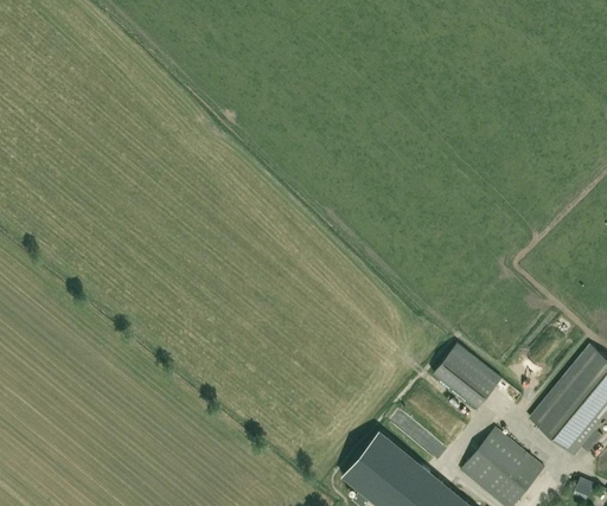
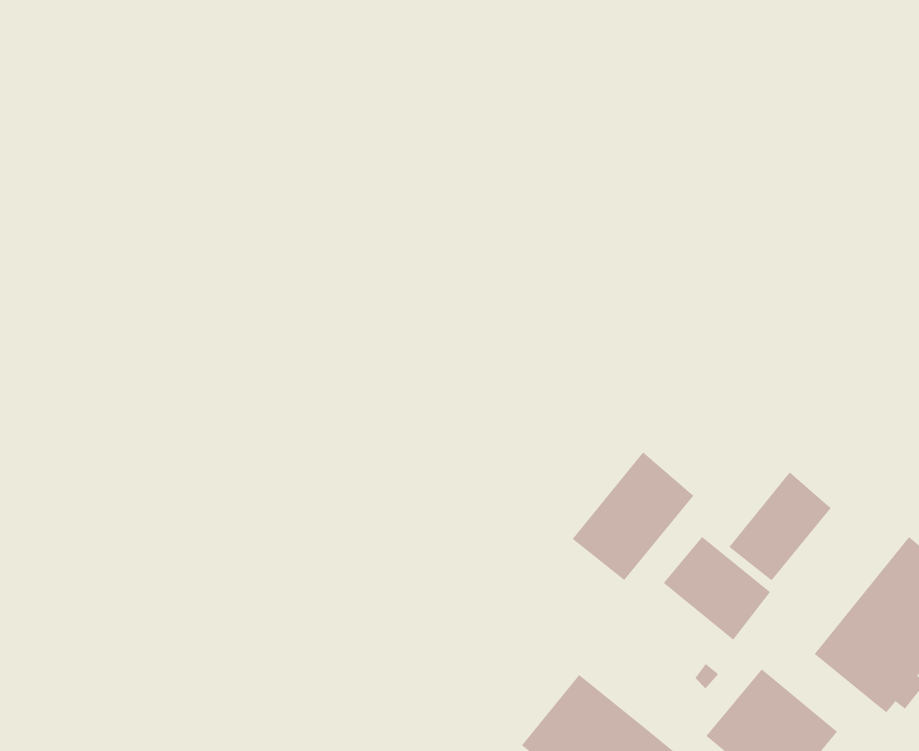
building: none -> [572,451,694,581]
building: none -> [728,472,831,581]

